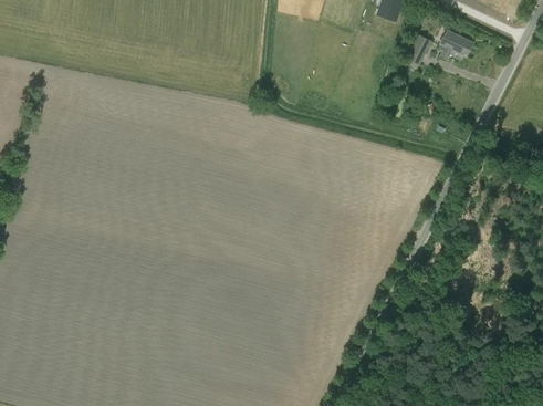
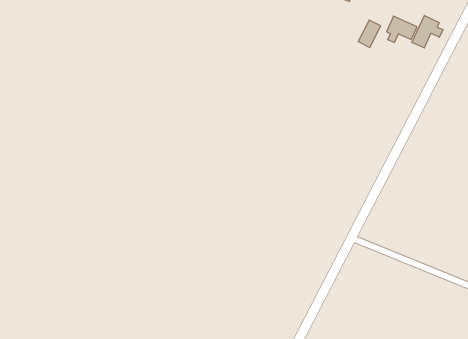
building: none -> [412,15,443,48]

